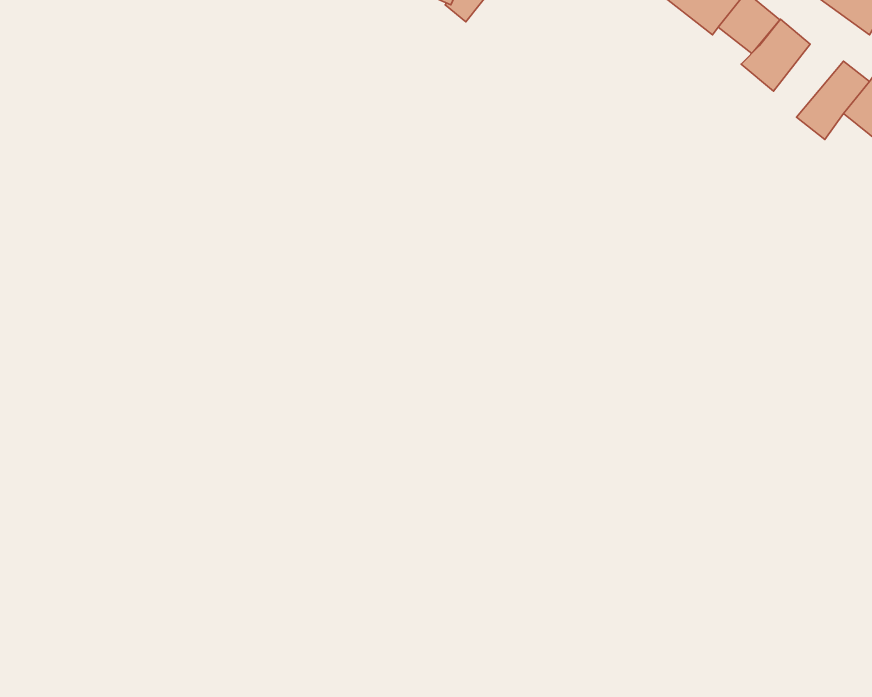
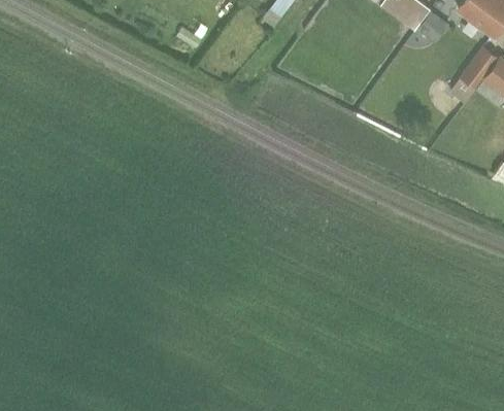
building: [741,19,810,91] -> none

